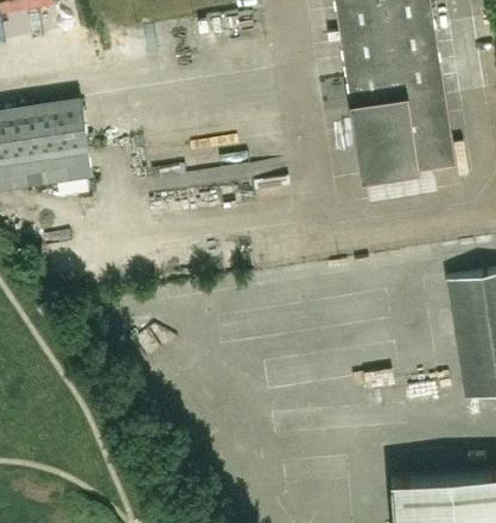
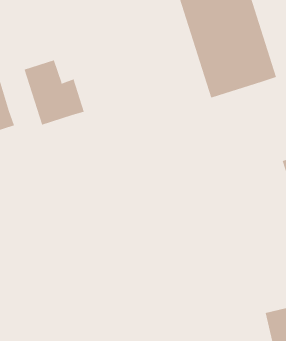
building: none -> [24,60,85,126]

